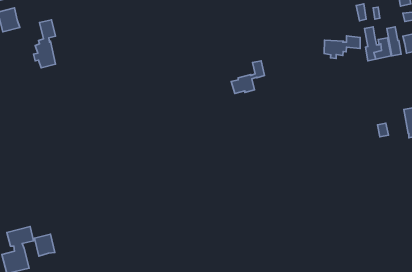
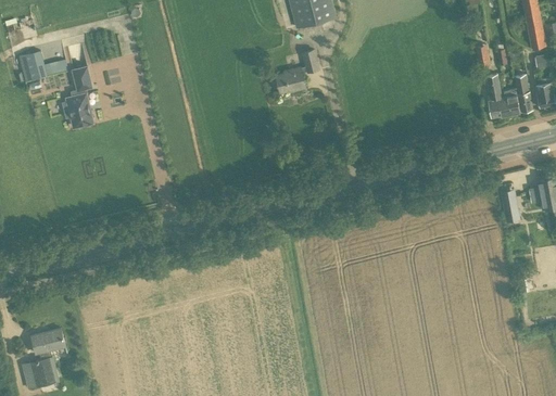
building: [324,36,360,58] -> none
building: [231,61,265,93] -> [276,51,318,92]
building: [34,234,55,256] -> none

